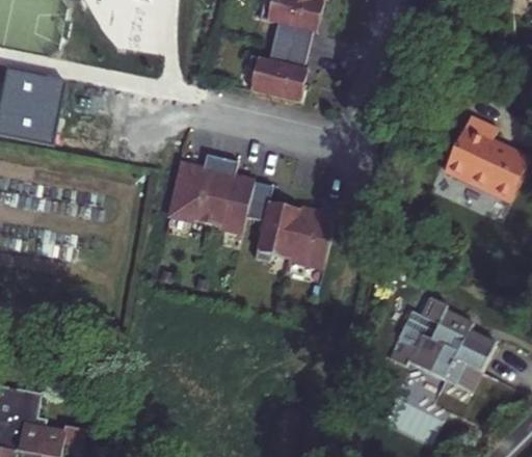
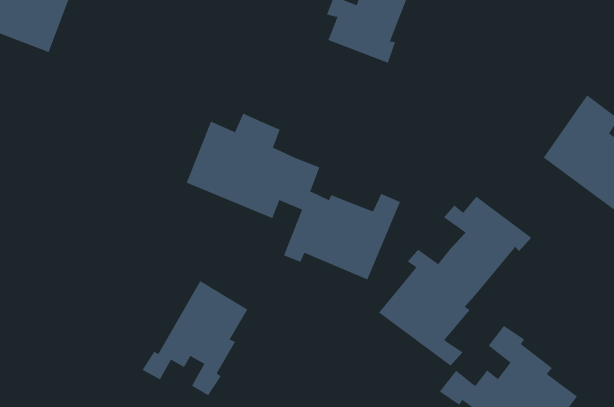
building: none -> [378,196,532,367]
building: none -> [142,280,248,396]

